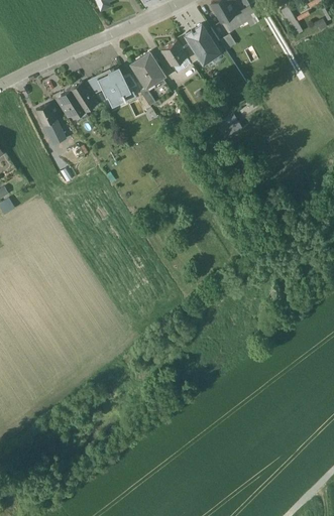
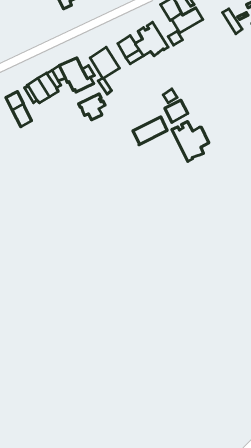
building: none -> [79,94,105,120]
building: none -> [133,117,167,145]
building: none -> [172,122,209,161]

